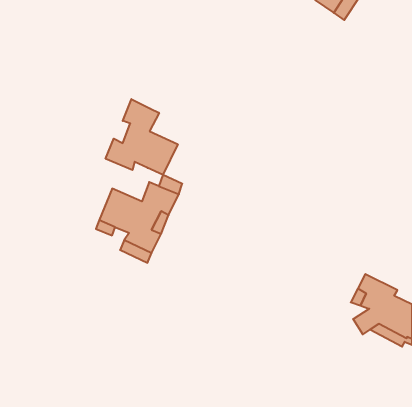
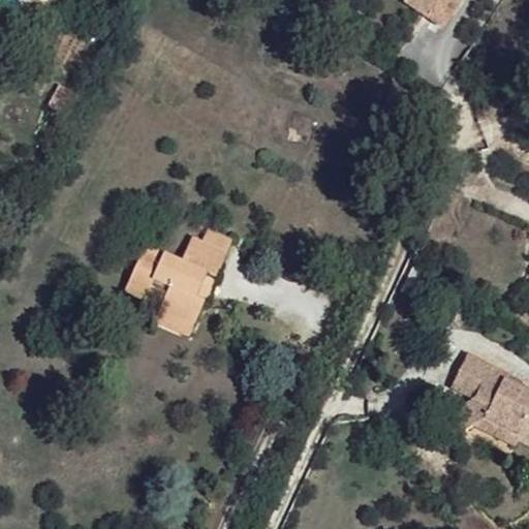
building: [106,99,178,175] -> none

